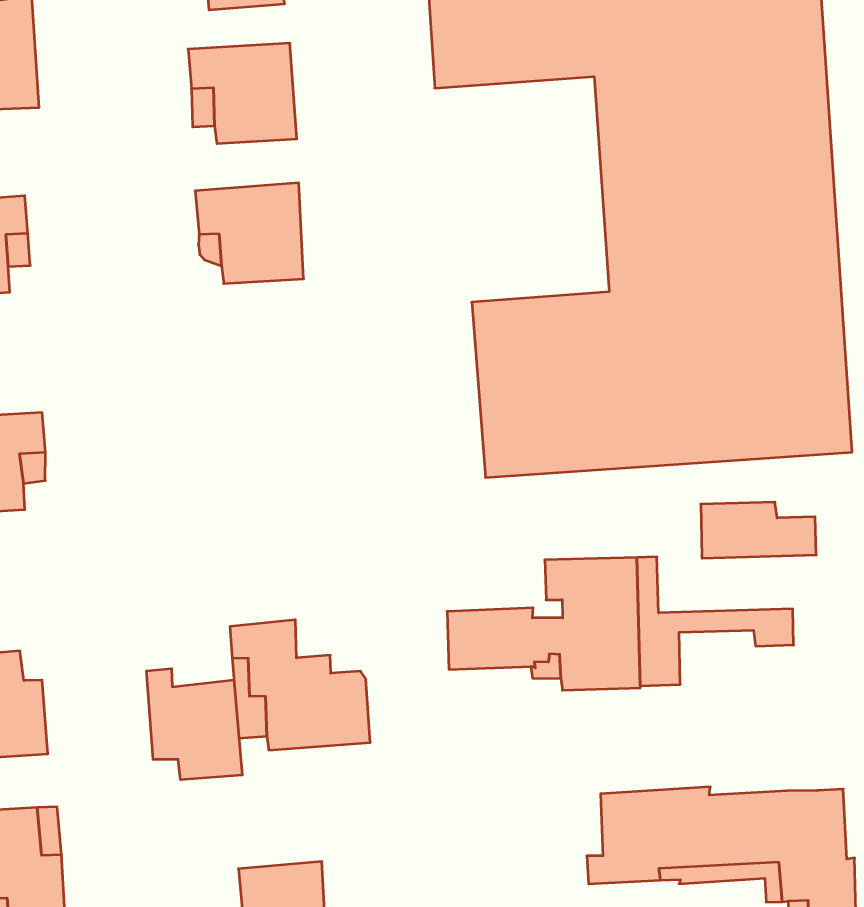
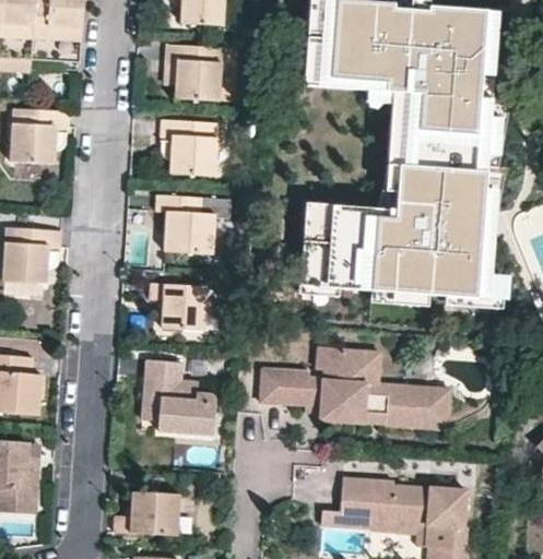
building: none -> [151,194,217,259]
building: none -> [146,283,203,328]
building: [701,502,816,558] -> [387,395,451,431]
building: [147,669,242,780] -> none

